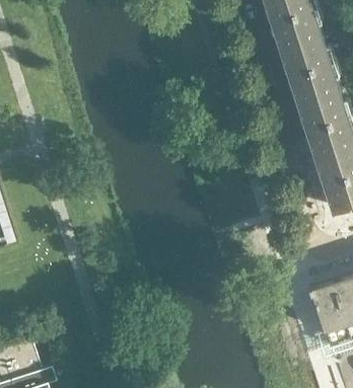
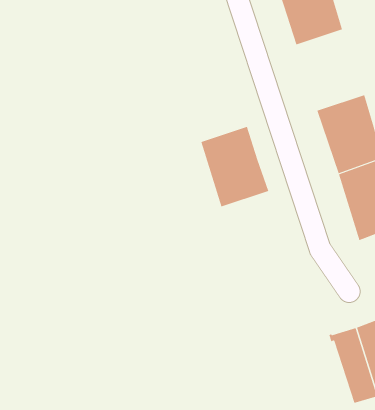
building: [283,31,341,99] -> [200,126,269,207]

